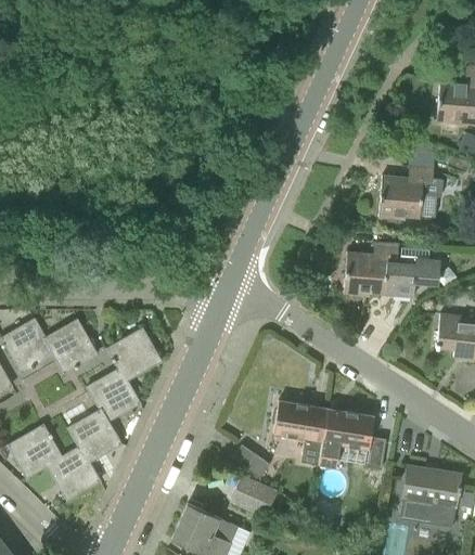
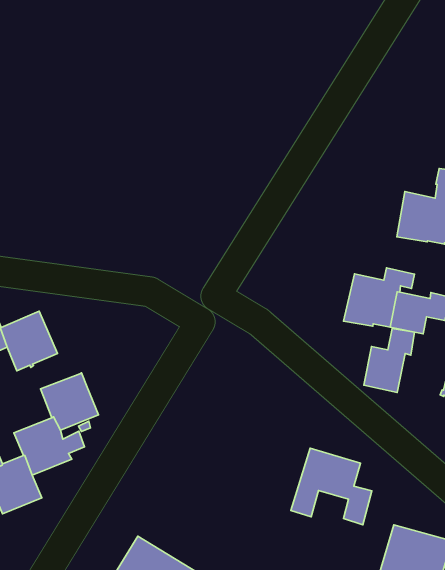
building: none -> [364,328,414,392]
building: [107,328,162,380] -> none
building: [272,401,328,465] -> none
building: [231,444,270,479] -> none
building: [230,476,277,517] -> none

